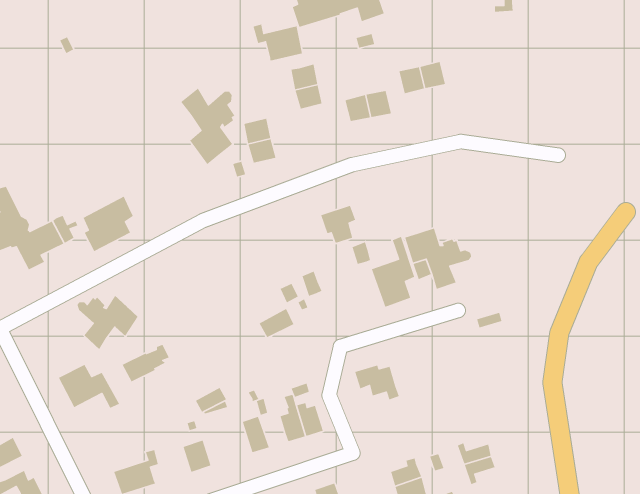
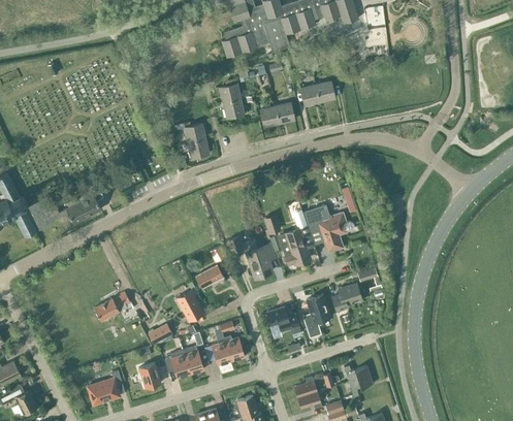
building: [253,24,303,62] -> none
building: [180,88,235,165] -> none
building: [320,205,356,244] -> [246,247,272,276]
building: [77,295,139,350] -> none
building: none -> [332,284,360,311]
building: none -> [175,291,204,322]
building: none -> [301,295,330,337]
building: [58,364,120,409] -> none
building: none -> [164,350,190,378]

